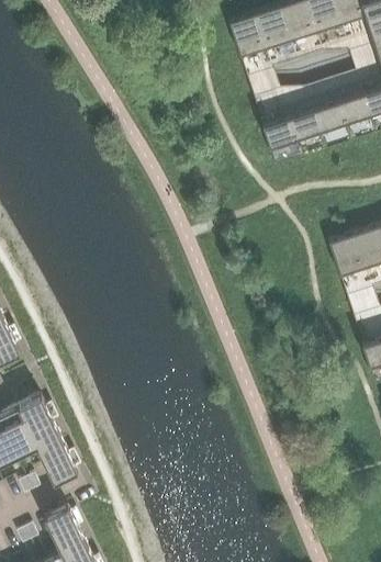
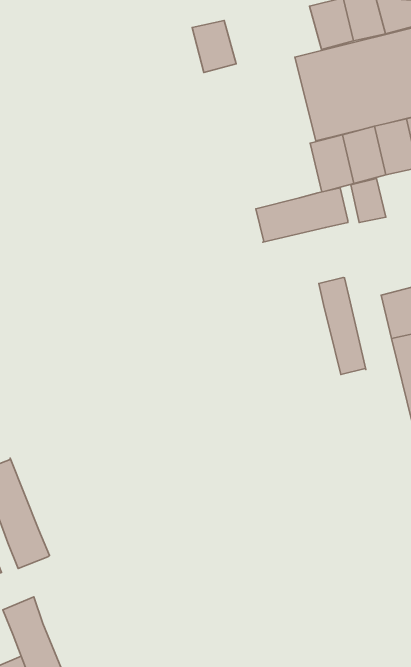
building: [227,13,265,56] -> [192,20,236,72]
building: none -> [351,179,386,223]
building: none -> [256,188,348,242]
building: none -> [319,278,366,375]

